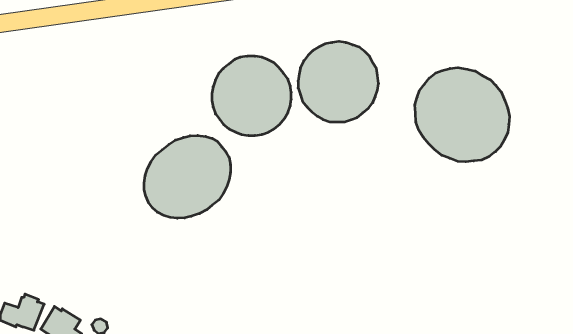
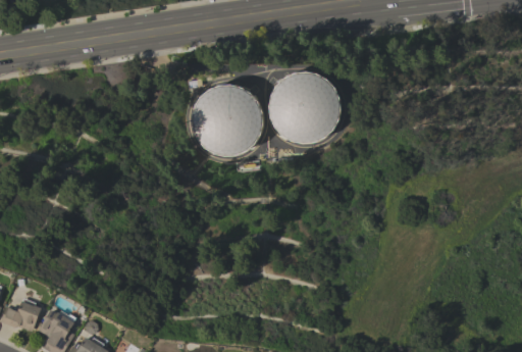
building: [415,68,510,162] -> none
building: [144,135,230,218] -> none

